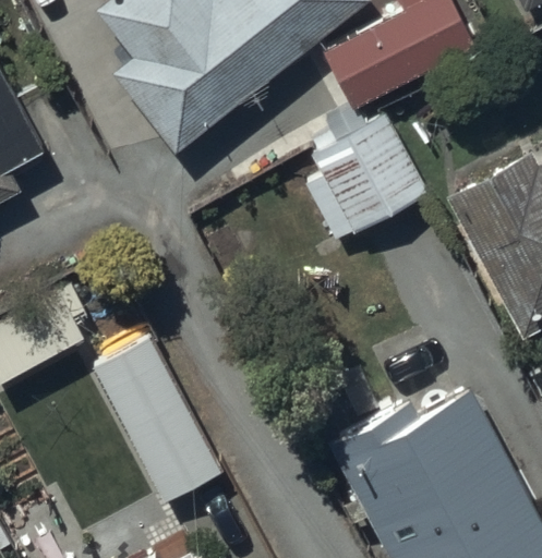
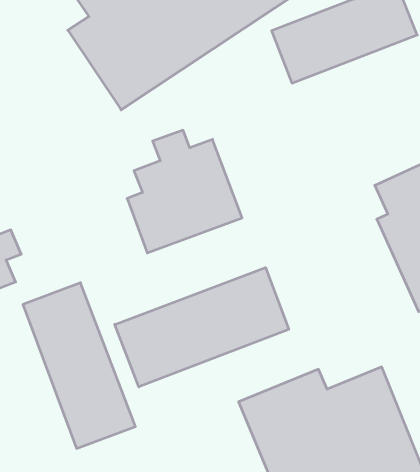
building: [309,108,430,239] -> [127,130,242,253]
building: none -> [115,268,289,387]

